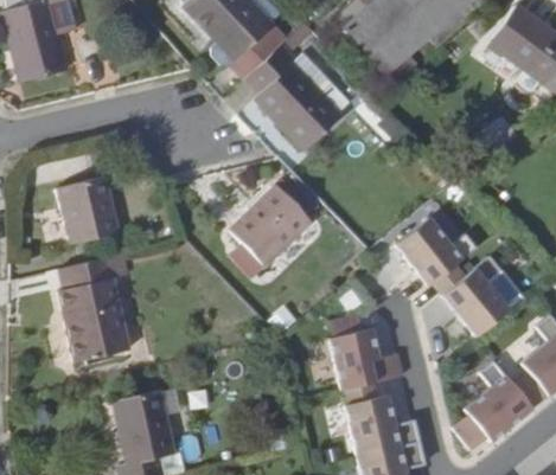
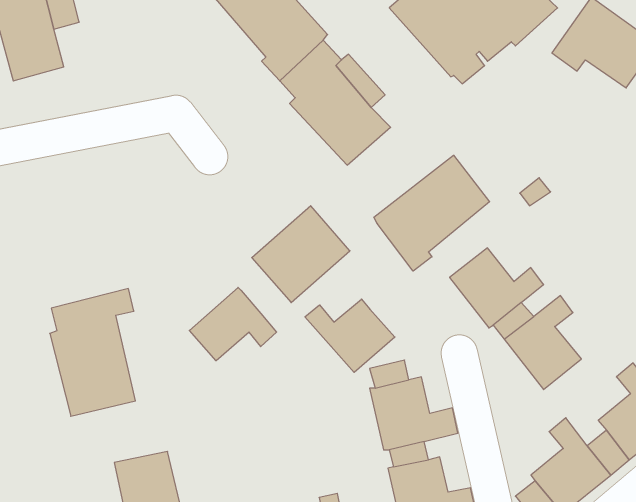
building: none -> [374,155,490,271]
building: [57,176,120,245] -> none
building: none -> [189,287,277,361]
building: none -> [305,299,395,372]

